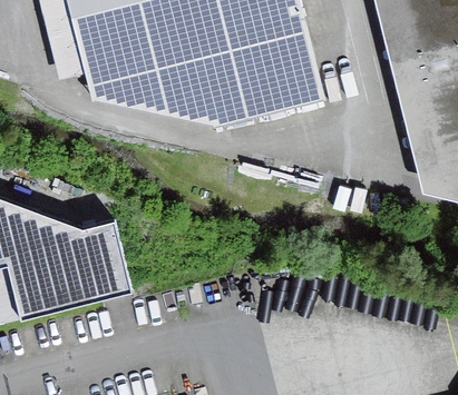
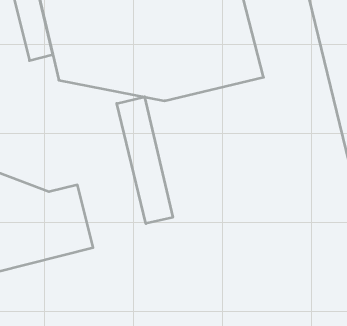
building: none -> [117,97,173,224]

